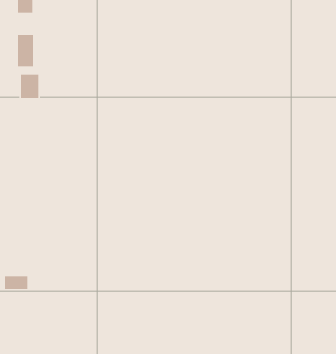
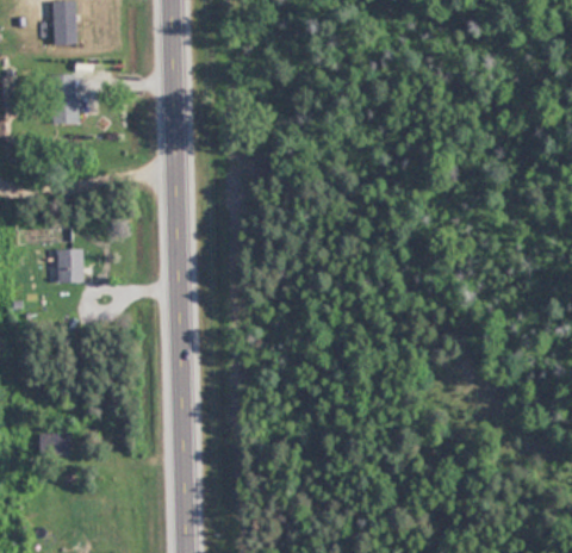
building: [20,74,39,99] -> none
building: none -> [56,249,85,282]

